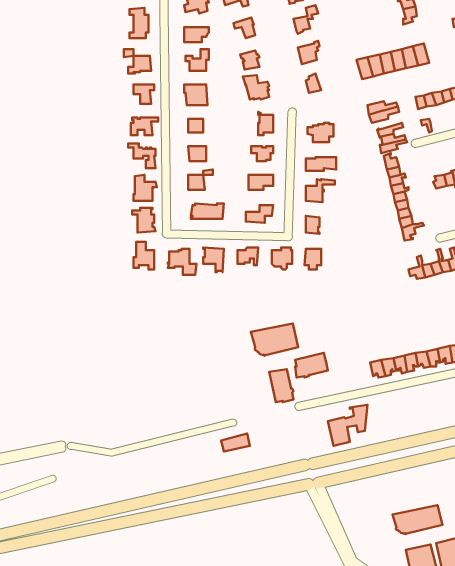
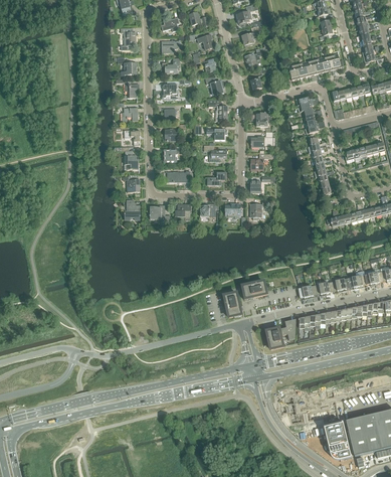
building: [251,323,298,356] -> none
building: [393,505,442,534] -> none

